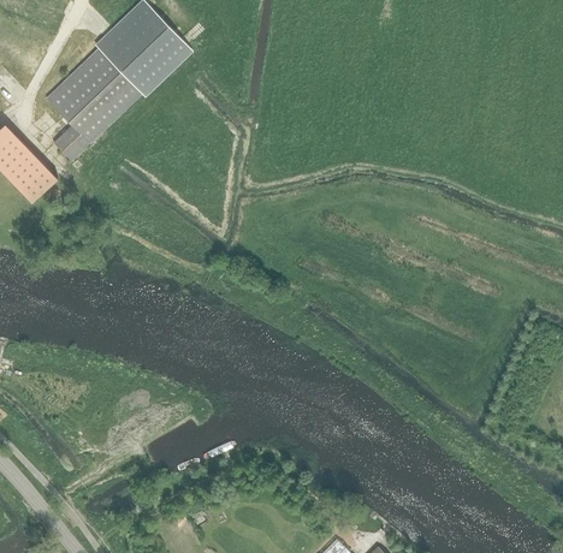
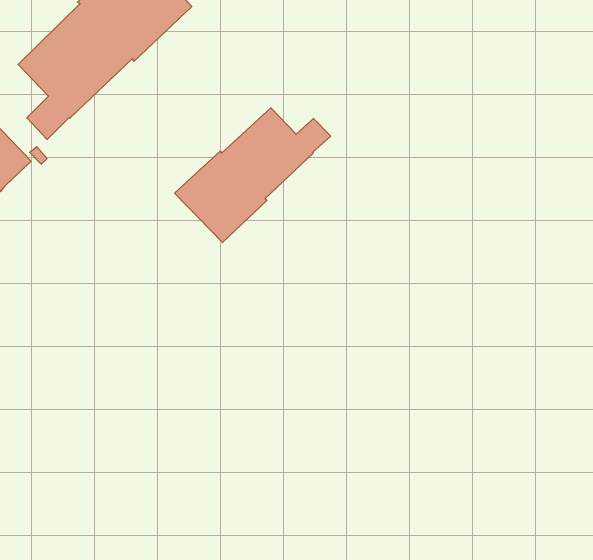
building: none -> [175,108,331,243]

